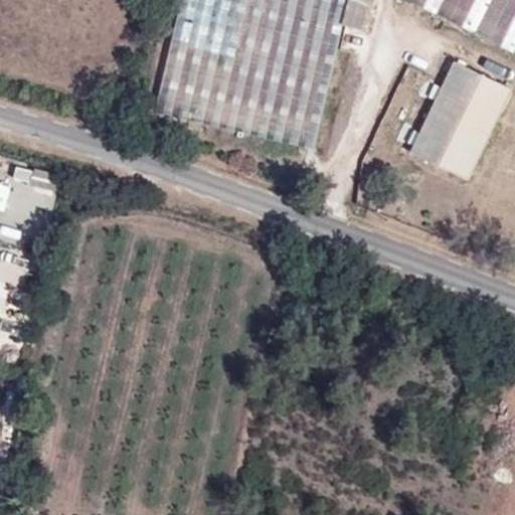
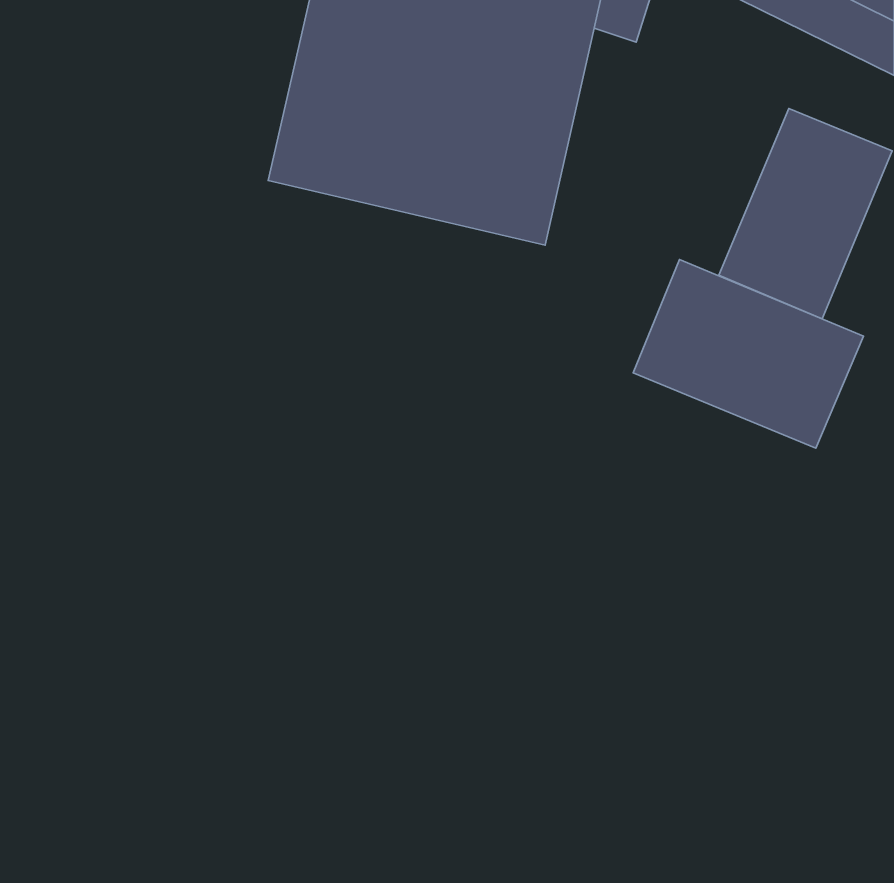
building: none -> [633,259,864,448]

